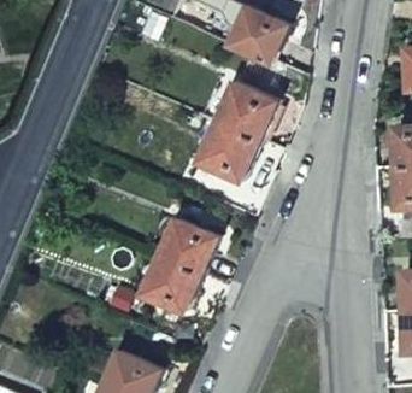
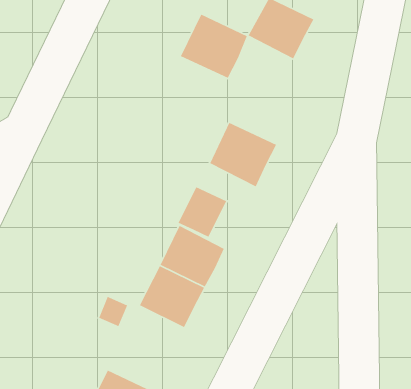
building: [214,83,275,141] -> [180,13,248,79]
building: none -> [178,186,227,238]

